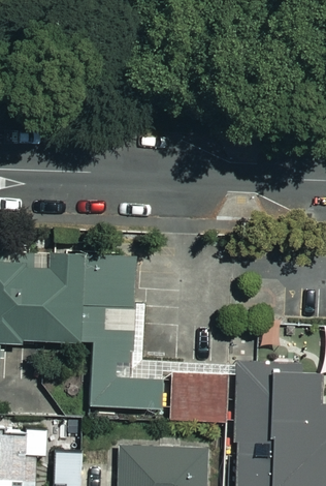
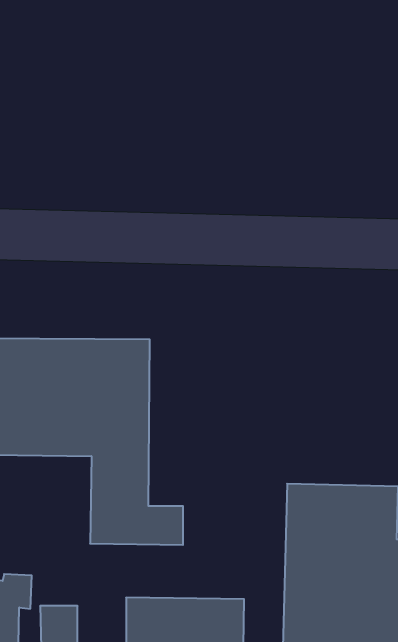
building: [171,374,228,419] -> none

